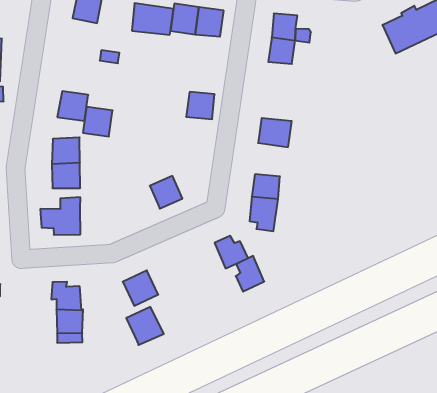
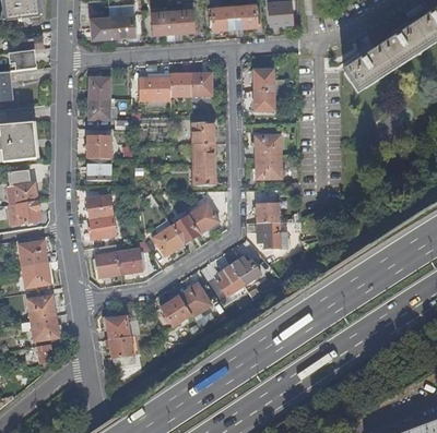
building: none -> [88,97,109,119]
building: none -> [192,122,214,144]
building: none -> [255,135,281,157]
building: [83,107,113,136] -> [88,136,110,158]
building: none -> [193,164,215,184]
building: none -> [188,203,218,232]
building: none -> [153,226,182,255]
building: none -> [117,249,142,274]
building: [236,256,264,292] -> [218,265,244,296]
building: [126,307,164,345] -> [179,284,212,316]

